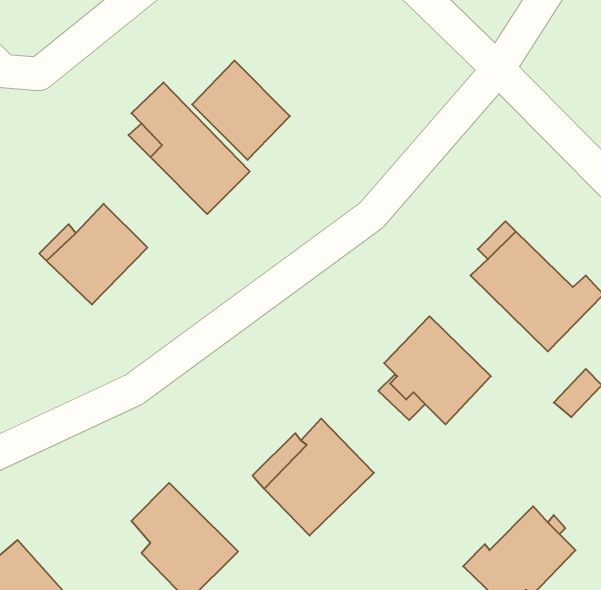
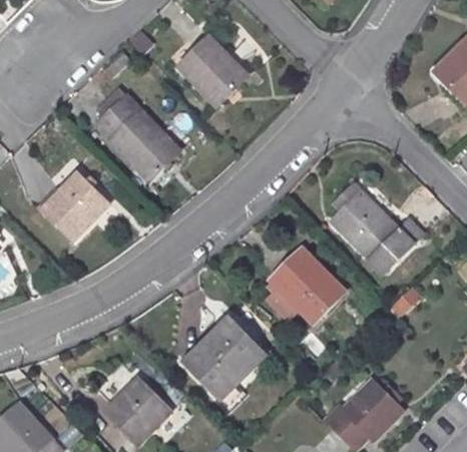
building: [192,61,290,160] -> [180,37,248,105]

